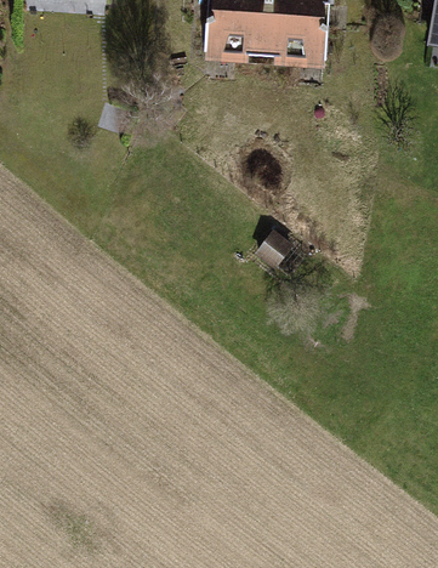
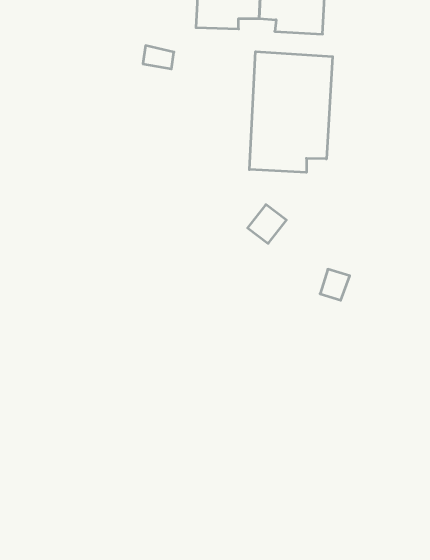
building: none -> [249,52,333,172]

